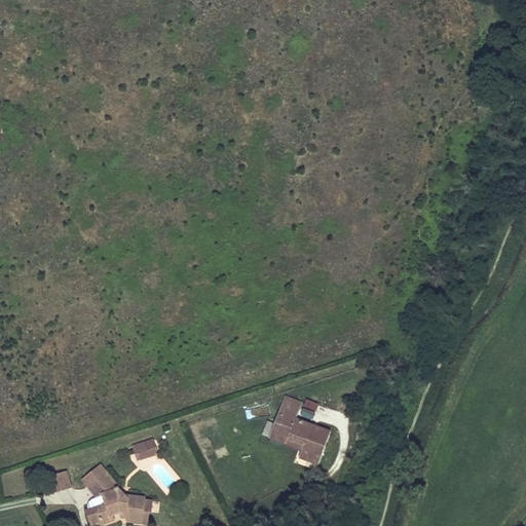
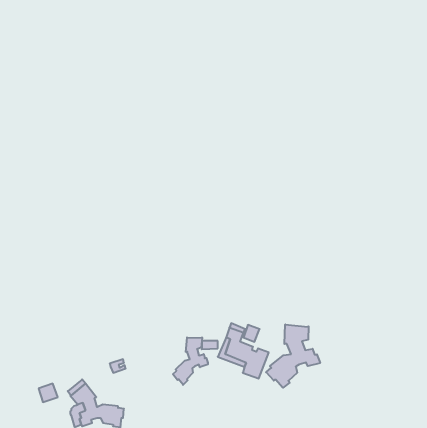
building: none -> [266,324,320,388]
building: none -> [173,337,208,385]

